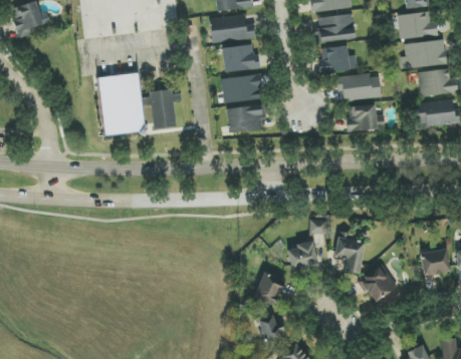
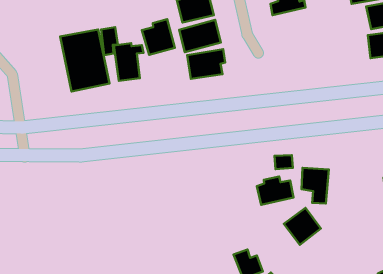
building: none -> [142,19,175,55]
building: [336,73,381,101] -> none
building: [348,104,377,131] -> none
building: [359,264,397,302] -> [284,208,321,245]
building: [253,272,284,306] -> none

